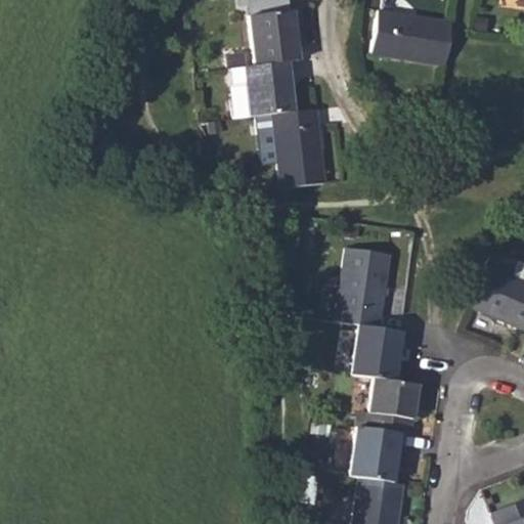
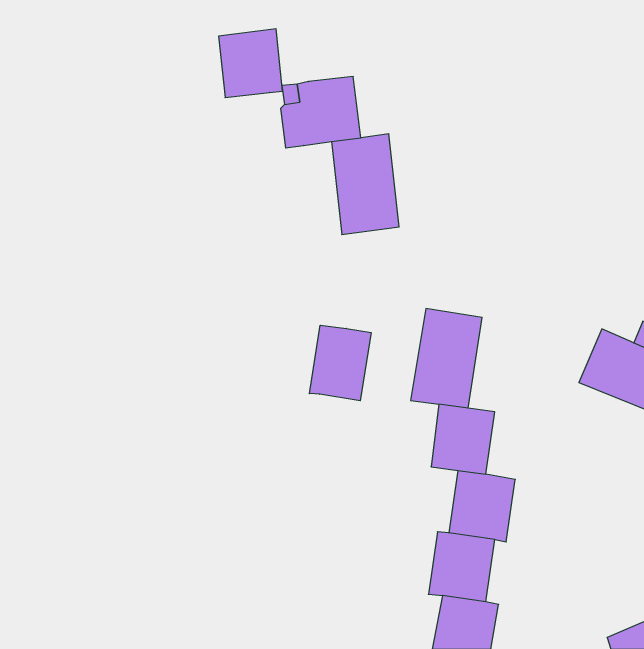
building: [373,9,454,66] -> none
building: [249,10,300,66] -> [219,29,282,98]
building: none -> [309,325,371,401]

